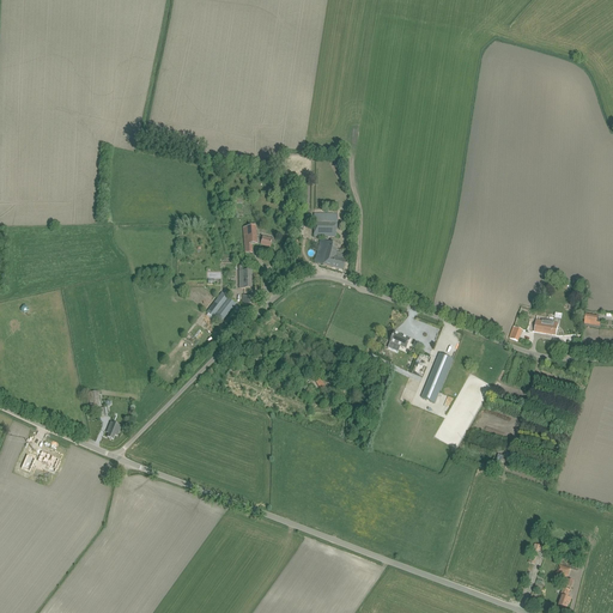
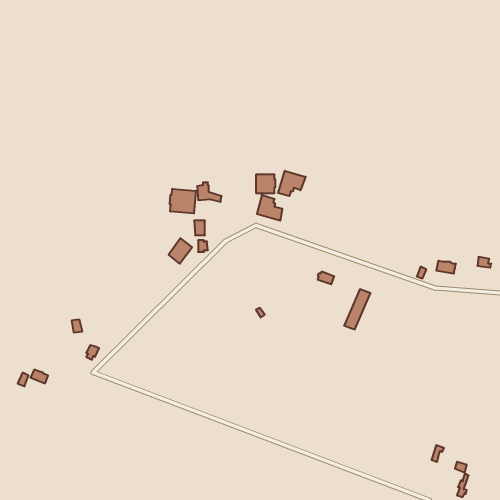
building: none -> [278,171,306,196]
building: none -> [170,189,196,214]

